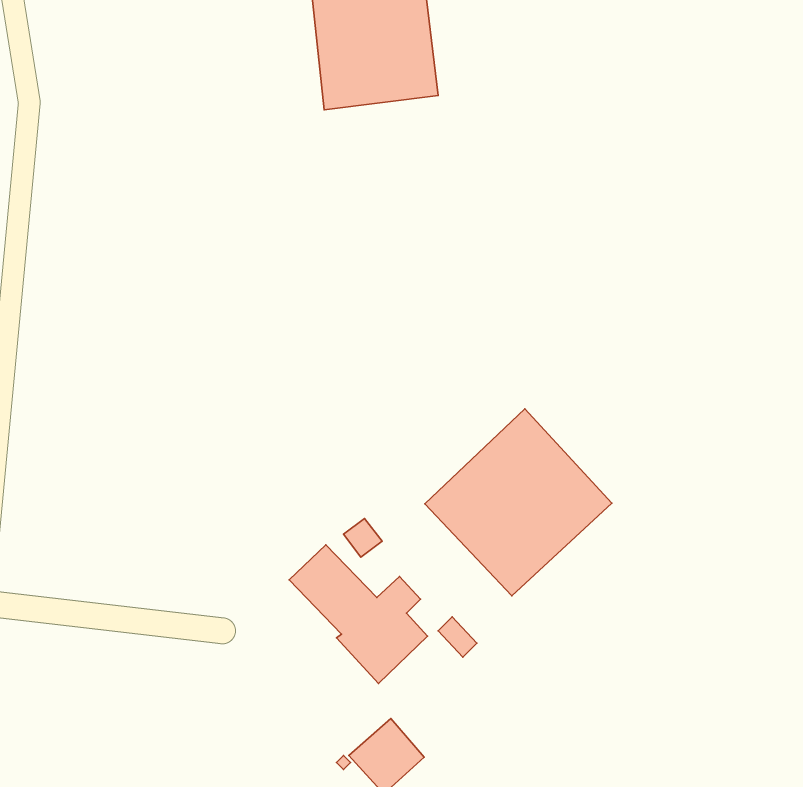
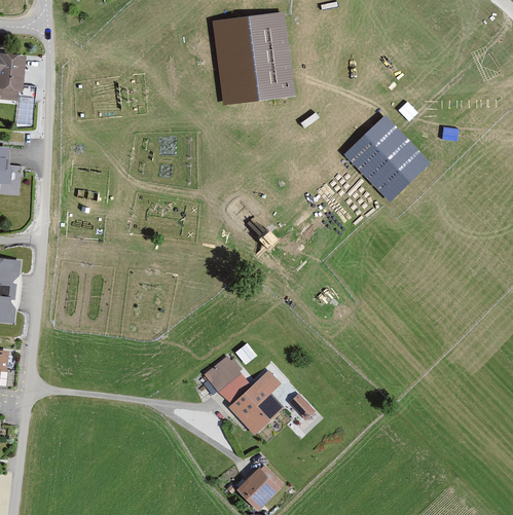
building: none -> [345,118,426,199]
building: [425,409,612,596] -> none

